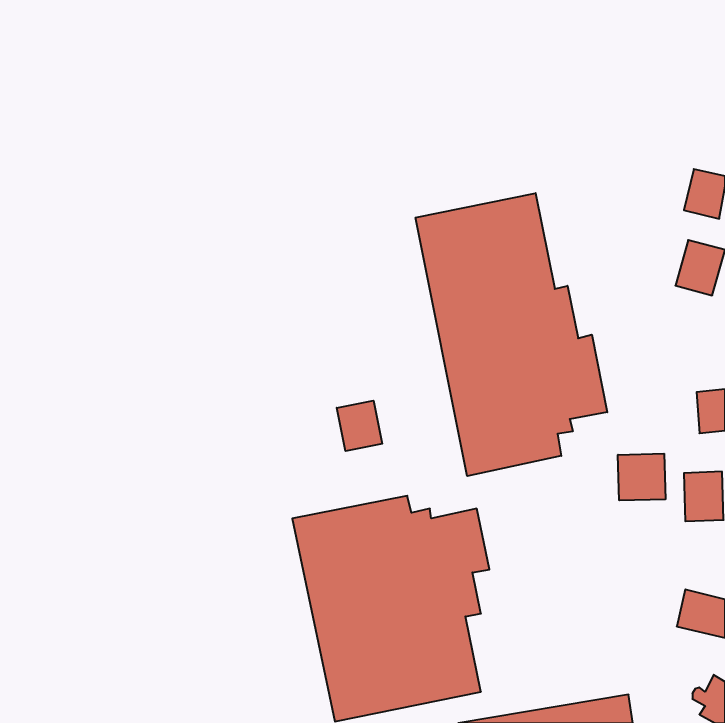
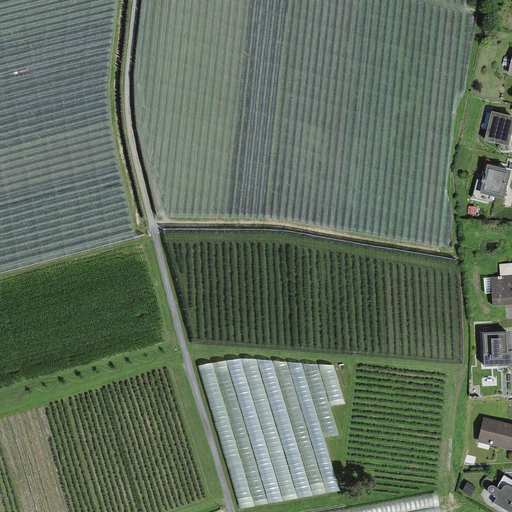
building: [416,193,607,476] -> none
building: [337,401,382,451] -> none
building: [618,454,665,500] -> none

